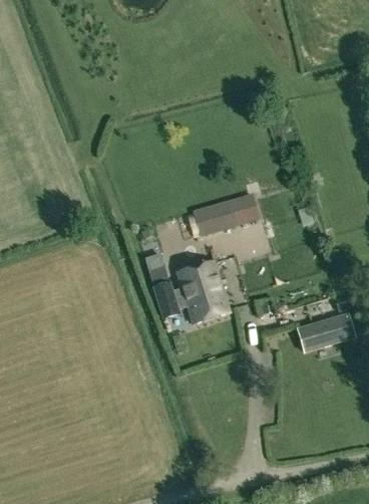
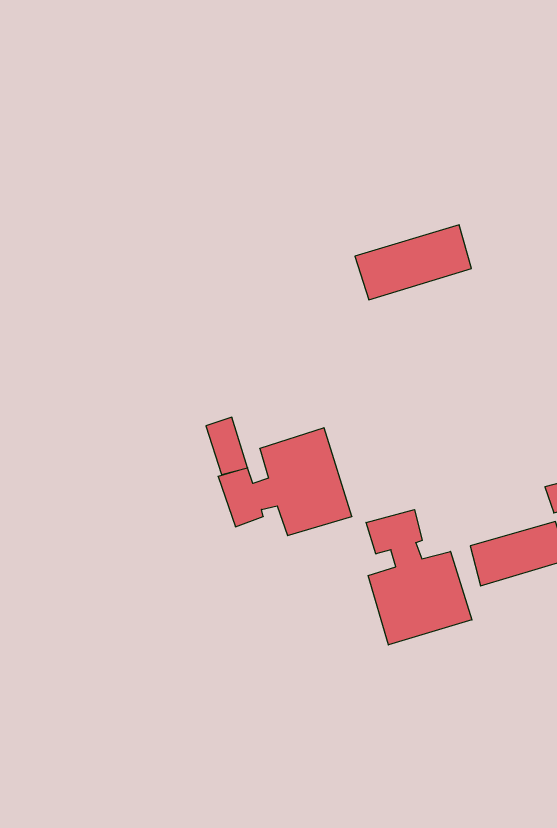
building: [193,193,260,236] -> [355,225,471,300]
building: none -> [366,510,472,645]

